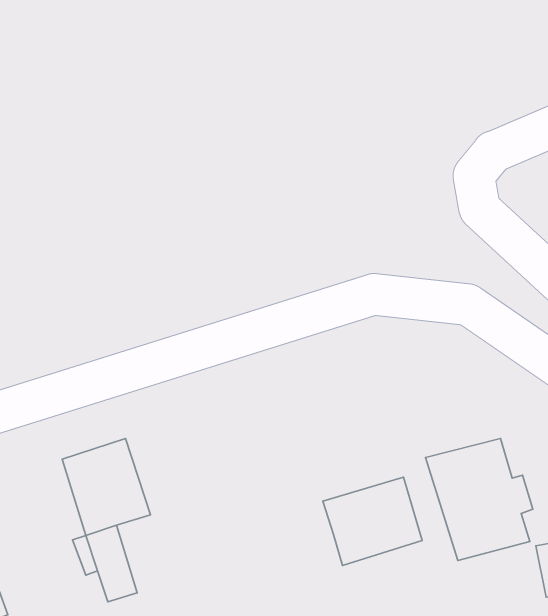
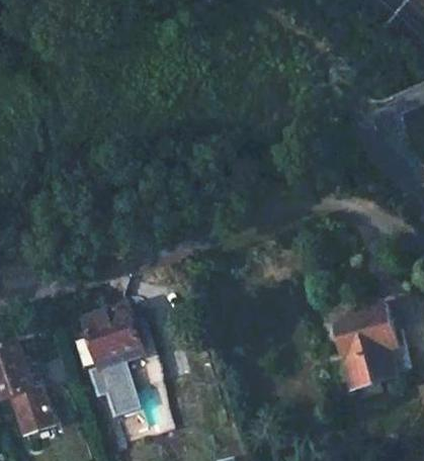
building: [323,477,422,566] -> none

